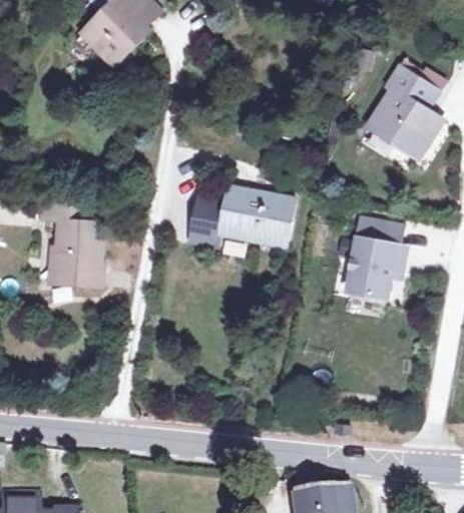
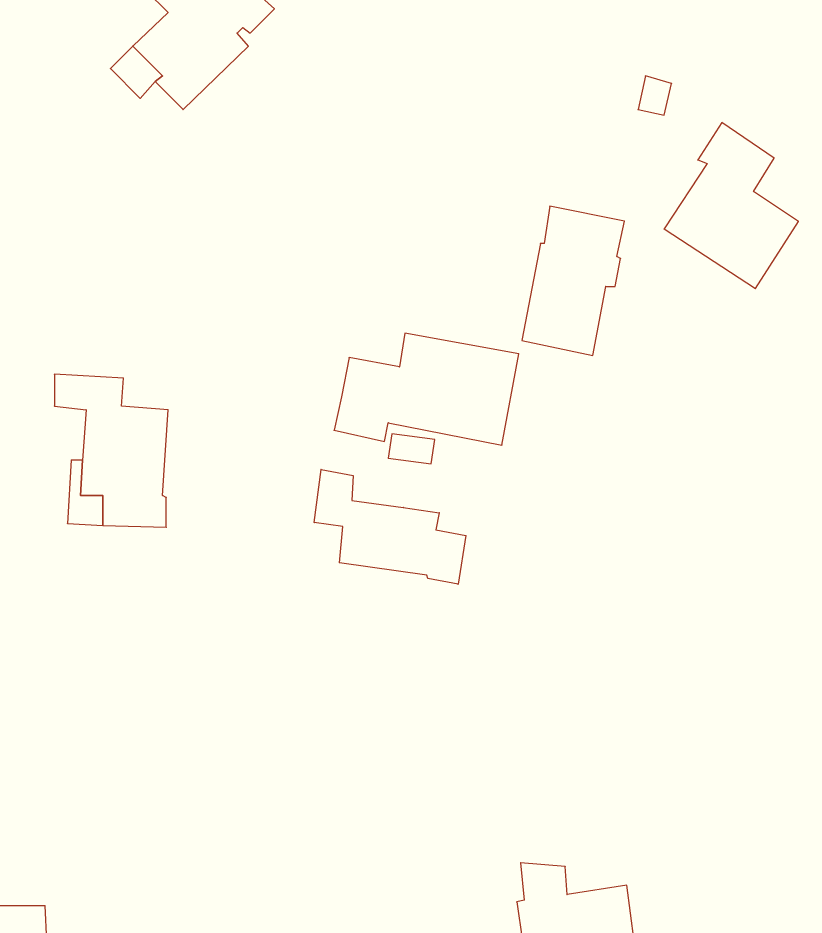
building: [347,223,402,304] -> [522,206,624,355]
building: none -> [314,469,466,584]

